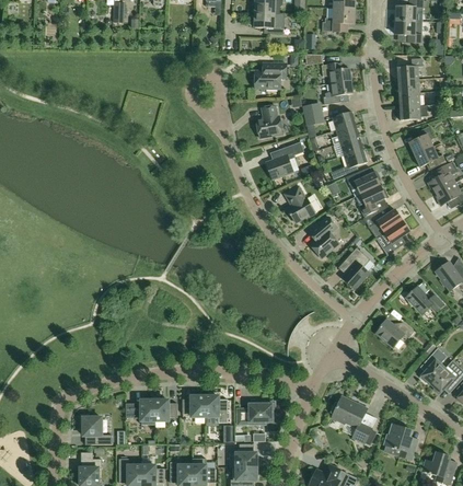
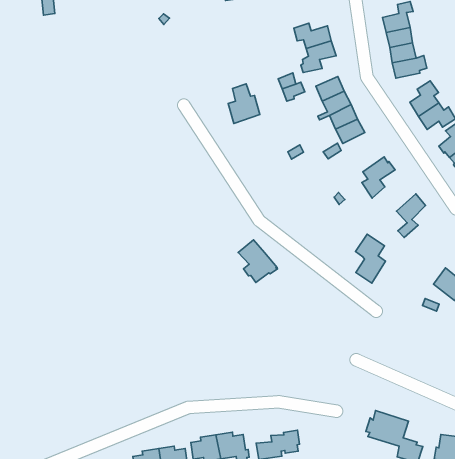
building: [255,62,287,88] -> none
building: [266,141,304,178] -> none
building: [346,171,381,194] -> none
building: [285,185,315,221] -> [238,240,277,283]
building: [363,208,403,231] -> none
building: [310,216,339,257] -> none
building: [377,319,414,347] -> none

